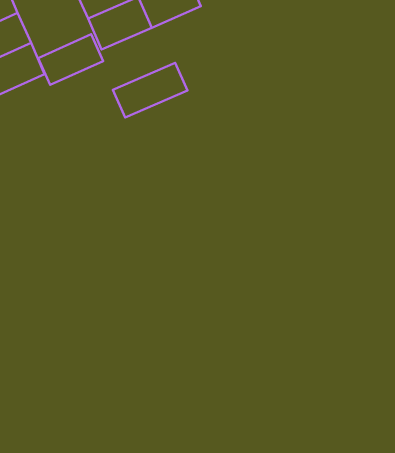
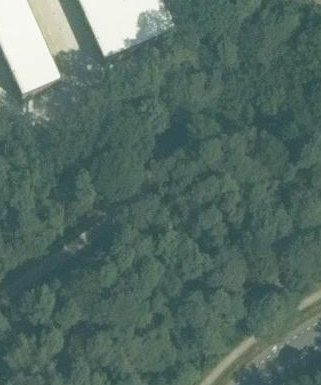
building: [38,34,103,85] -> none
building: [113,63,187,118] -> none

